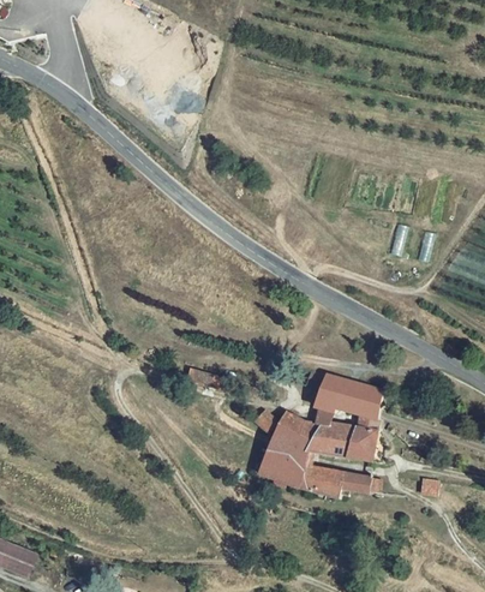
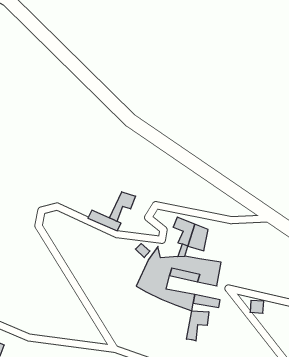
building: none -> [109,192,136,221]
building: [348,383,381,427] -> none
building: none -> [187,311,209,341]

